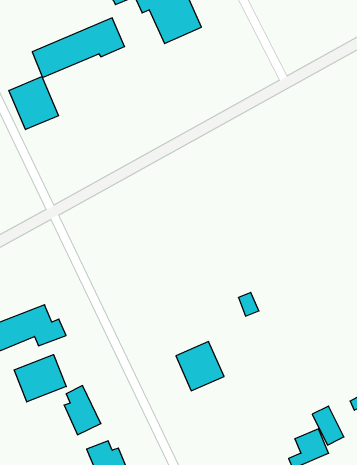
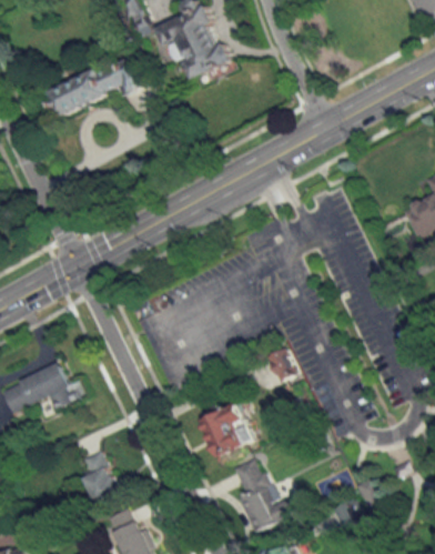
building: [9,76,59,130] -> none
building: [14,355,66,402] -> none
building: none -> [232,459,280,527]

